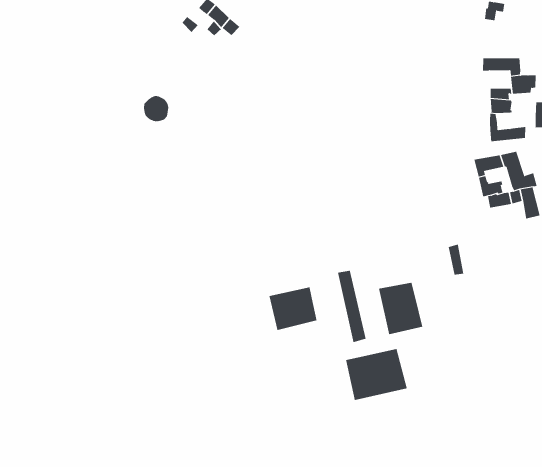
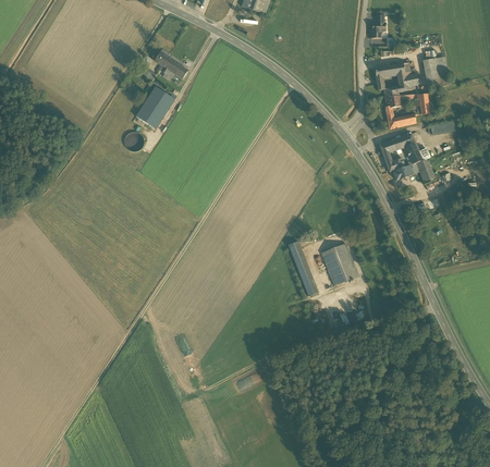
building: none -> [135,86,173,128]
building: [269,286,317,331] -> none
building: [345,348,408,401] -> none

